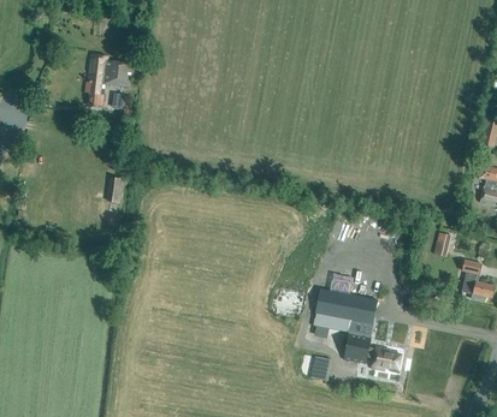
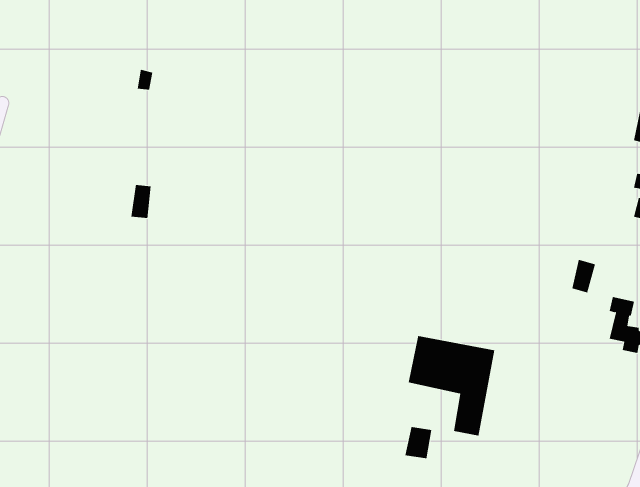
building: [85,54,132,107] -> none
building: [372,345,402,371] -> none

